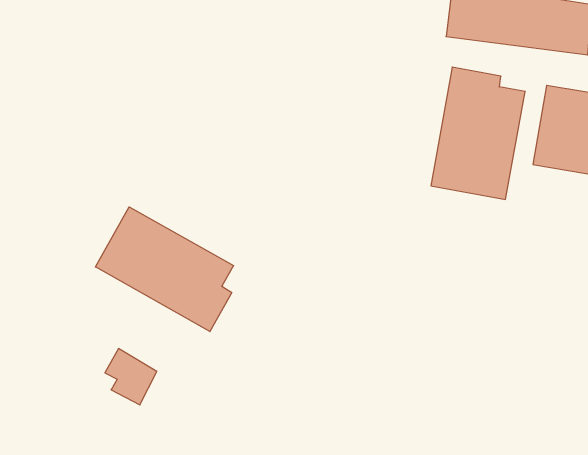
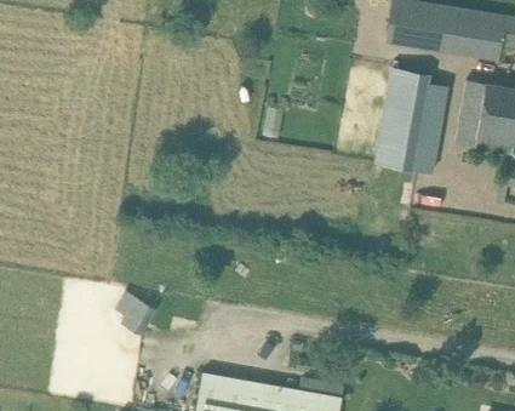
building: [95,207,234,332] -> none

